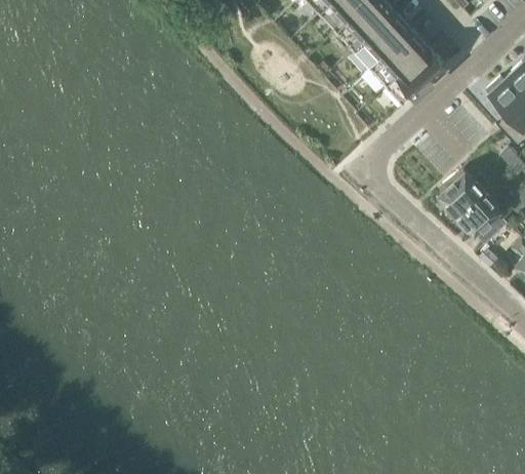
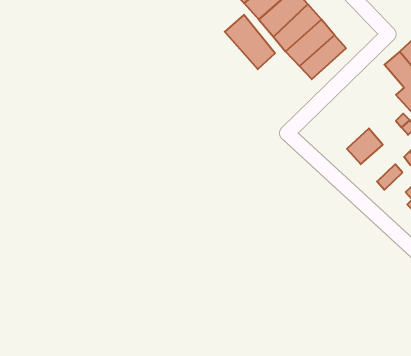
building: none -> [225,15,275,69]
building: [458,185,504,230] -> none

